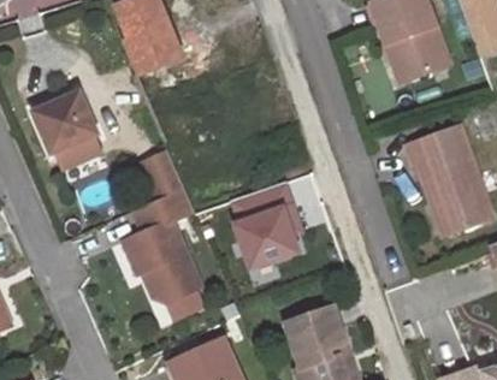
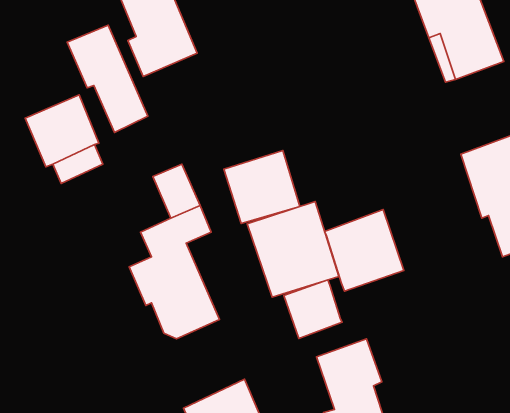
building: none -> [67,25,148,132]
building: none -> [224,150,300,223]
building: none -> [325,210,404,291]
building: none -> [284,280,342,338]

